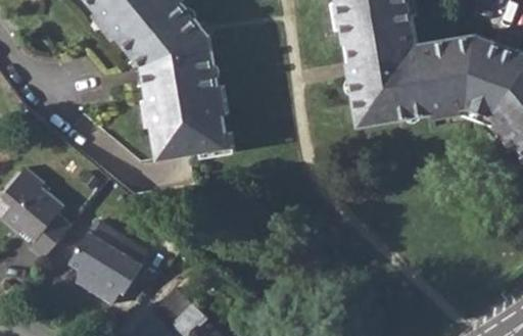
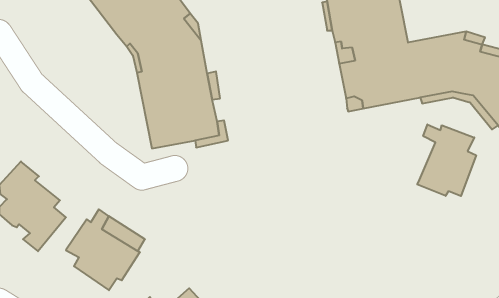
building: none -> [417,124,476,196]

